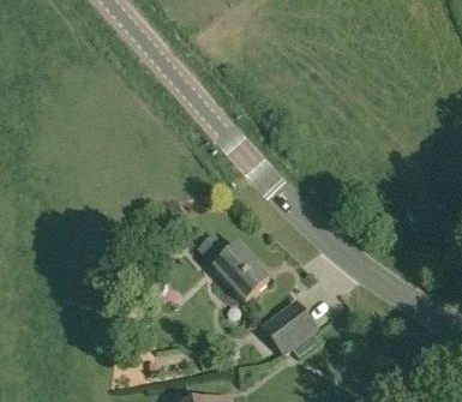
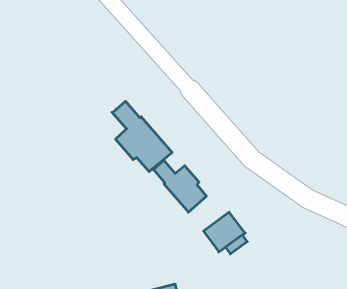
building: none -> [112,101,172,172]

